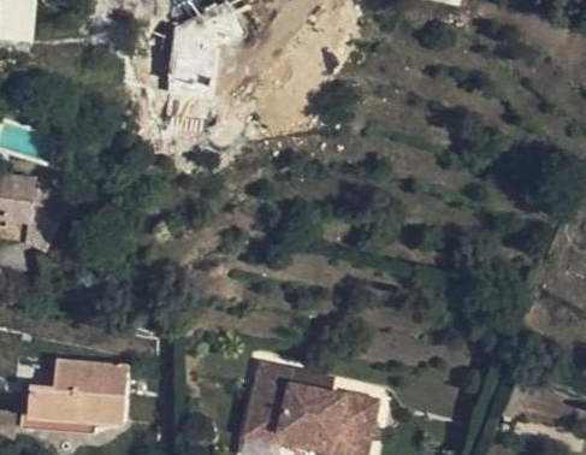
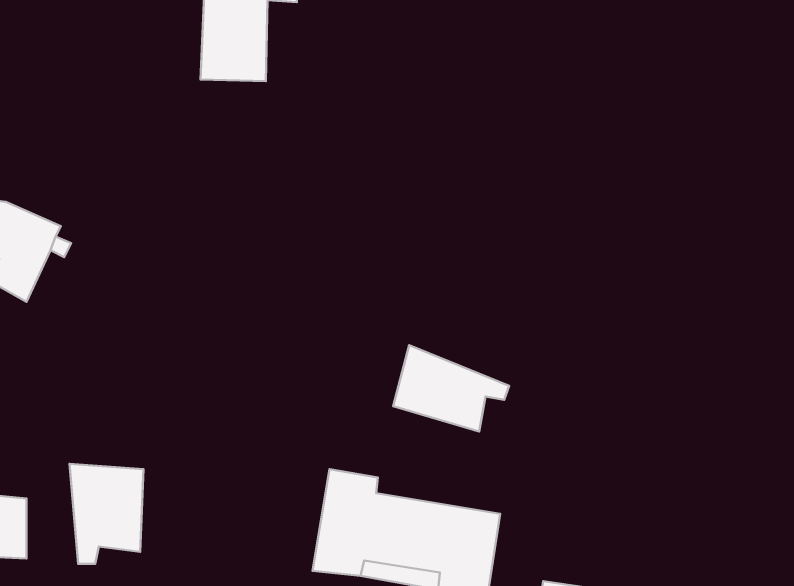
building: none -> [393,345,509,431]
building: [47,361,83,432] -> none

